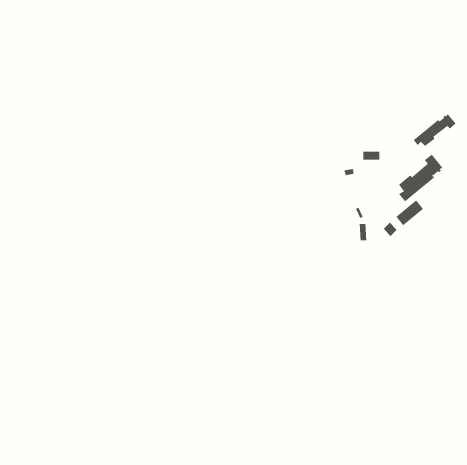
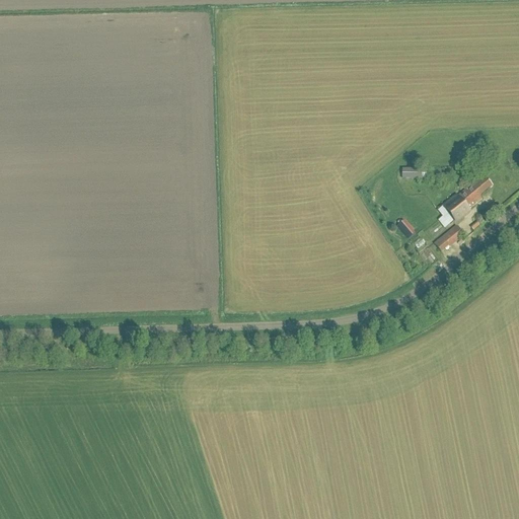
building: [413,114,456,147] -> none

